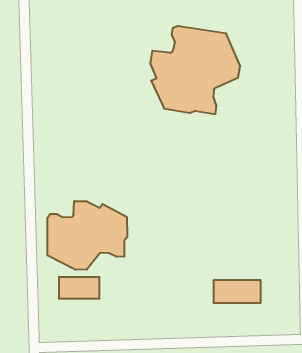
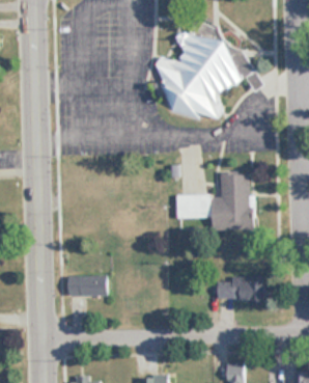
building: none -> [176,172,251,229]
building: [47,201,127,270] -> none

